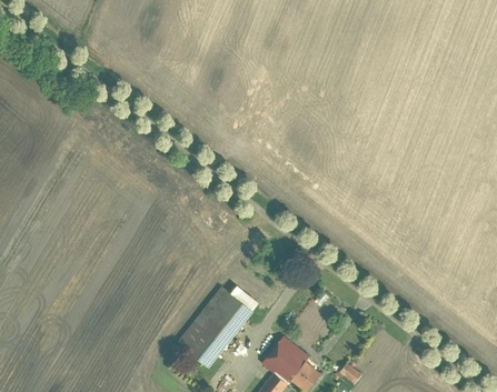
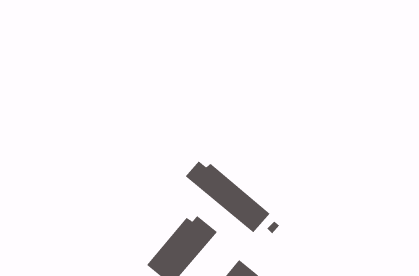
building: none -> [185,160,270,233]

